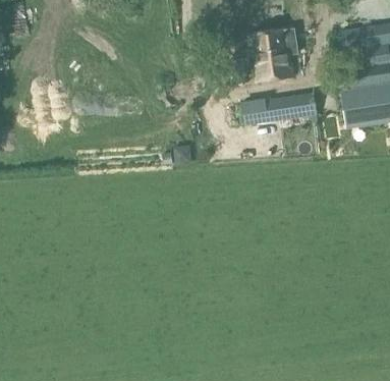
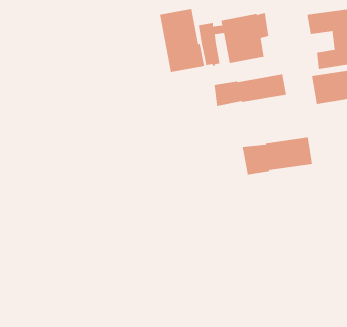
building: none -> [159,8,205,73]
building: none -> [242,137,313,175]

